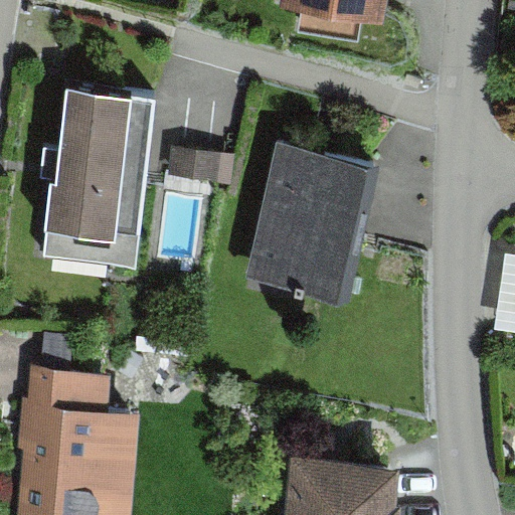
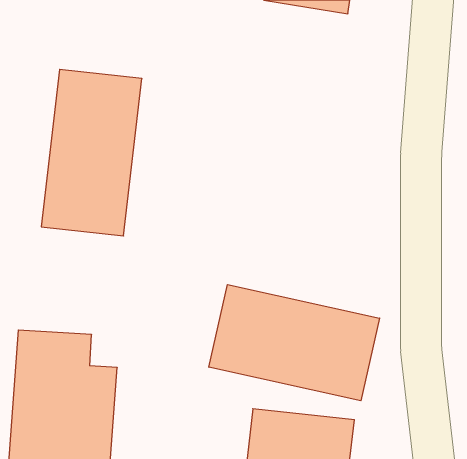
building: [246,142,381,302] -> none
building: none -> [209,285,380,401]

